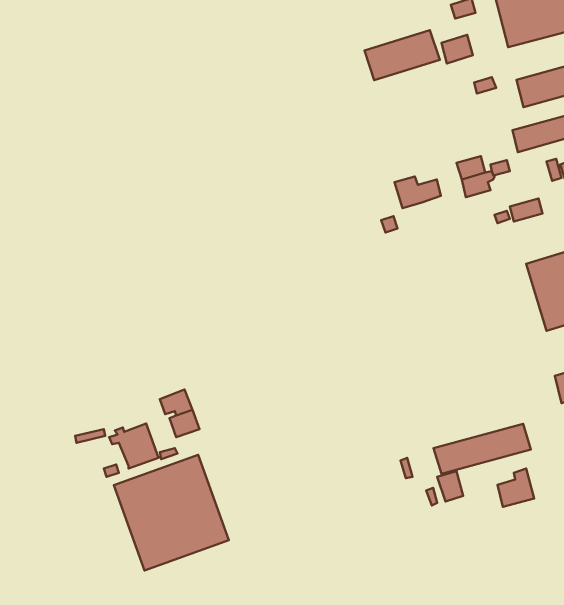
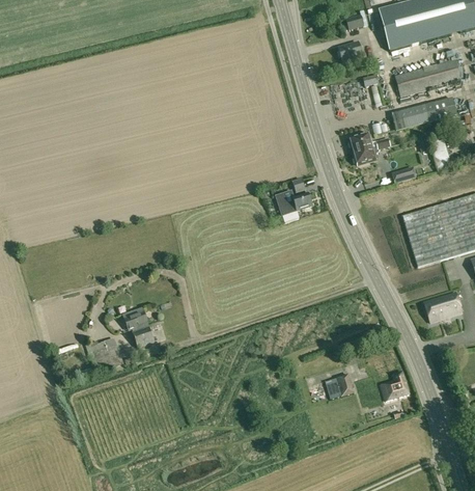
building: [364,30,440,80] -> none
building: [394,177,441,208] -> [276,190,311,214]
building: [434,424,531,474] -> none
building: [114,455,229,570] -> none

